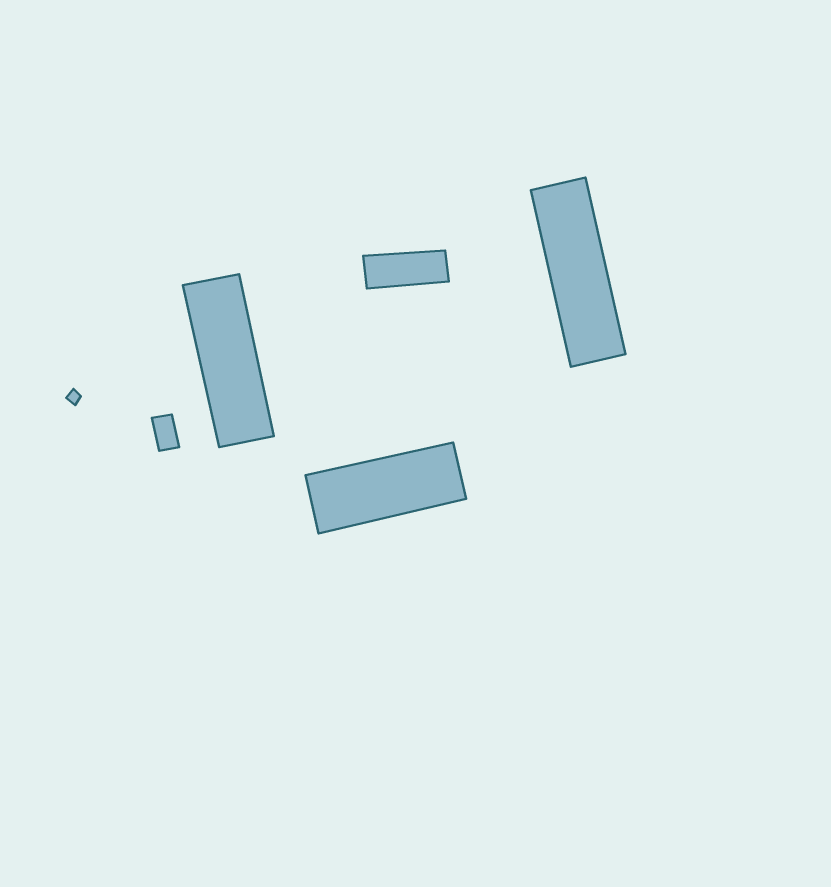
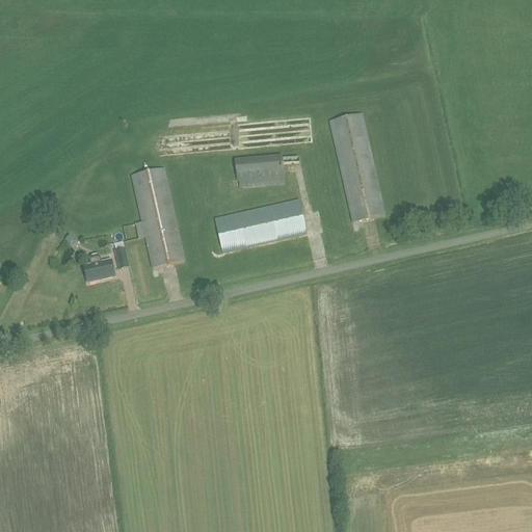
building: none -> [83,252,113,281]
building: [306,443,466,534] -> [214,200,305,251]

